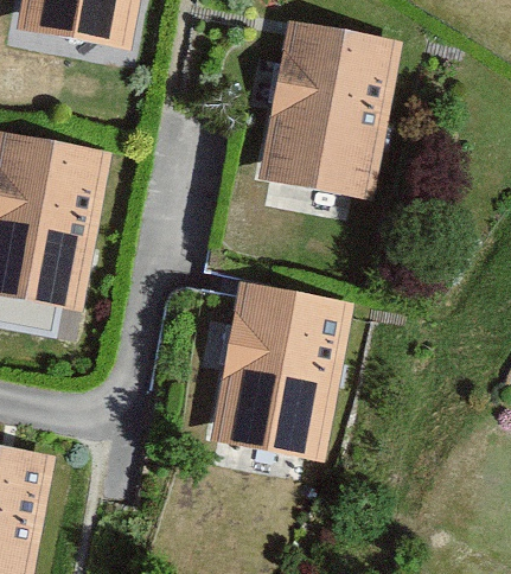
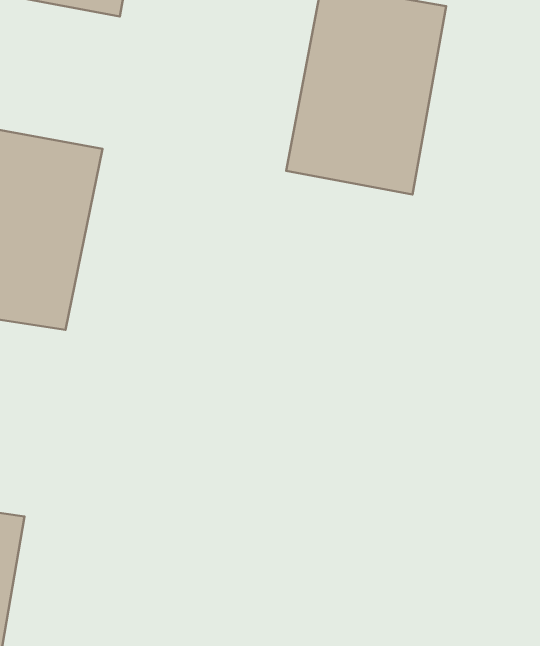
building: [207,283,346,454] -> none

